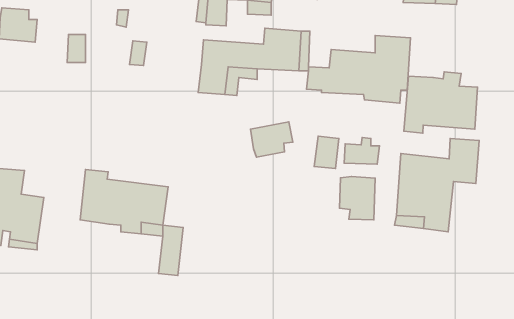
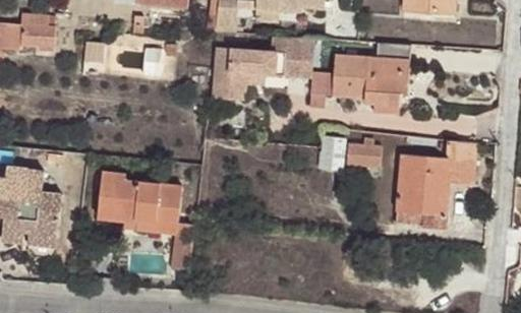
building: [404,72,477,133] -> none
building: [250,122,293,157] -> none
building: [339,177,375,220] -> none

